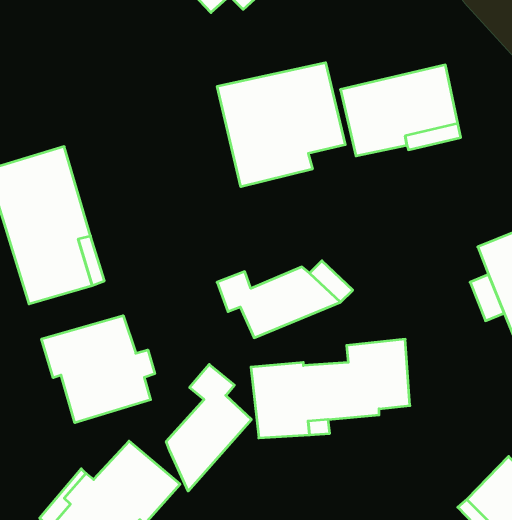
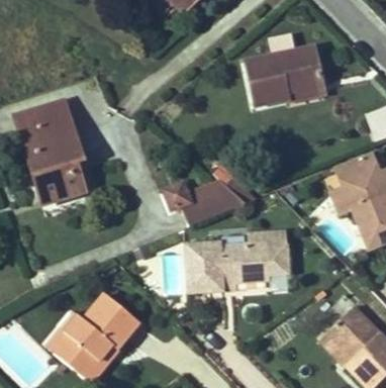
building: [217,63,345,187] -> none
building: [42,316,155,423] -> none
building: [166,364,251,491] -> none

